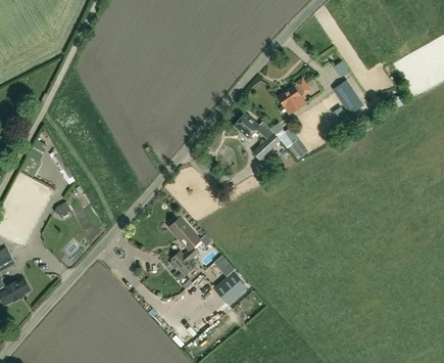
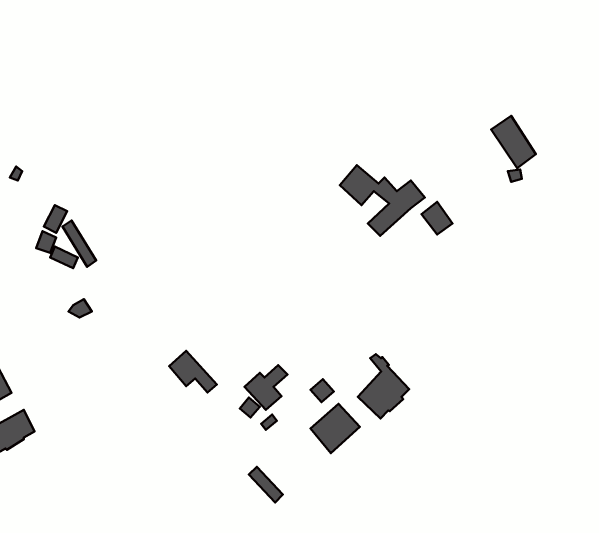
building: [279,79,310,114] -> none
building: [169,217,201,244] -> [169,351,217,392]
building: none -> [358,354,409,418]

